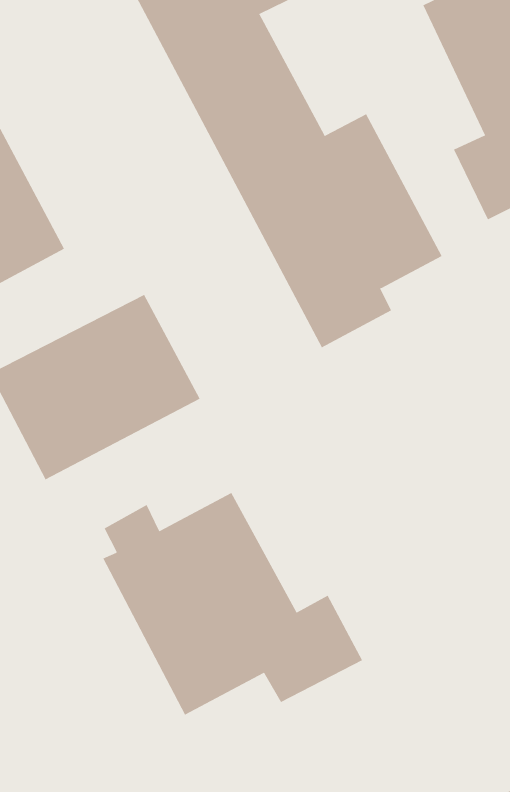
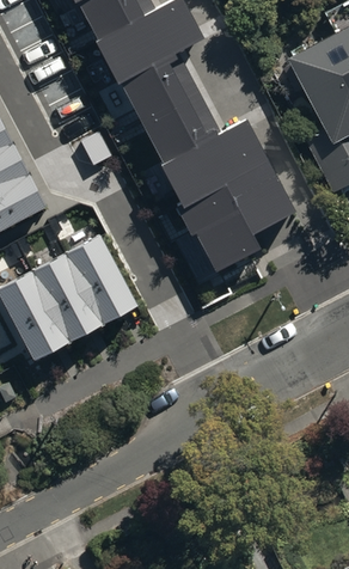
building: [102,492,363,716] -> none

